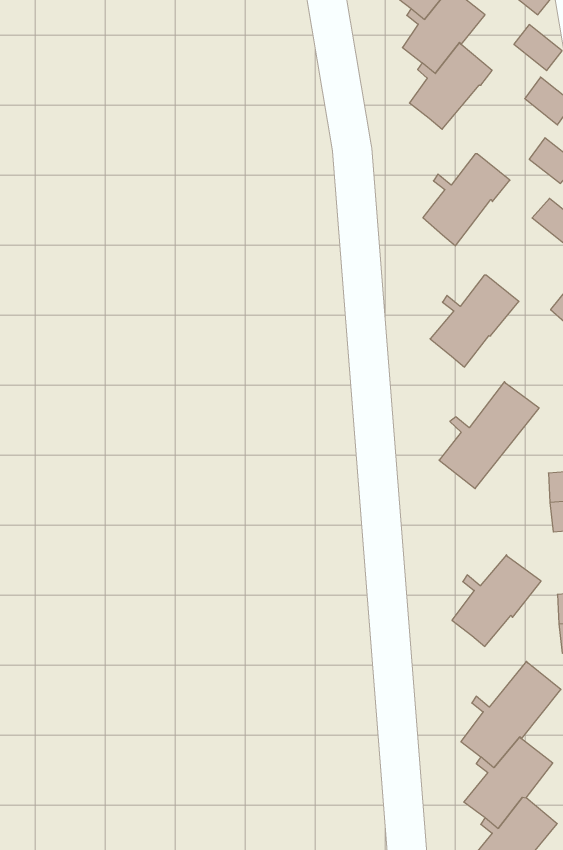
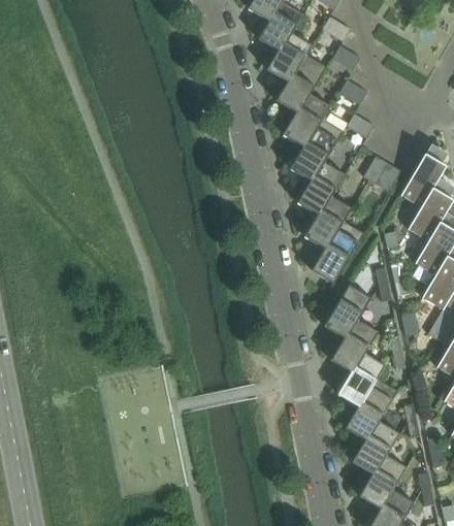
building: none -> [277,55,326,113]
building: none -> [290,119,343,182]
building: none -> [304,196,352,250]
building: none -> [324,285,371,338]
building: none -> [338,353,385,406]

